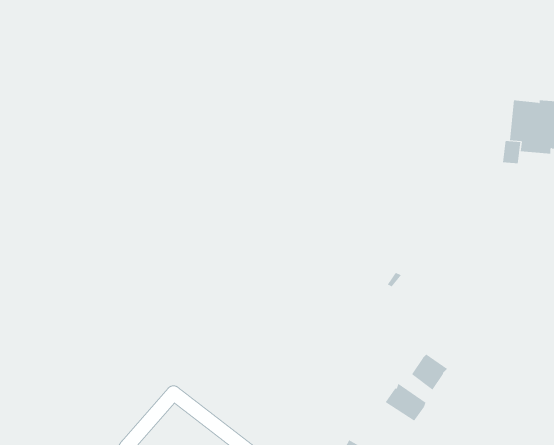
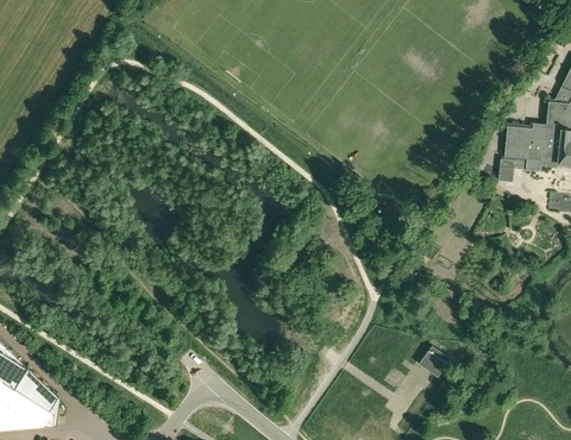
building: [385,383,426,421] -> none

